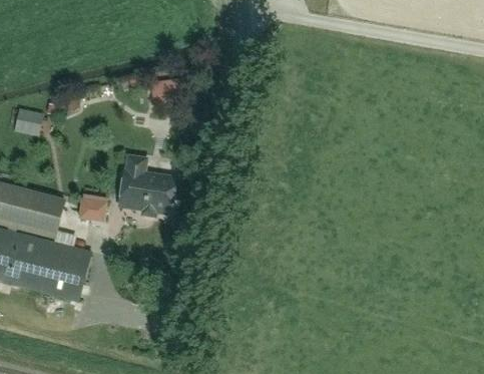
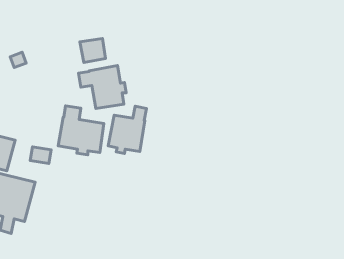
building: none -> [78,66,126,109]
building: none -> [108,106,147,154]

